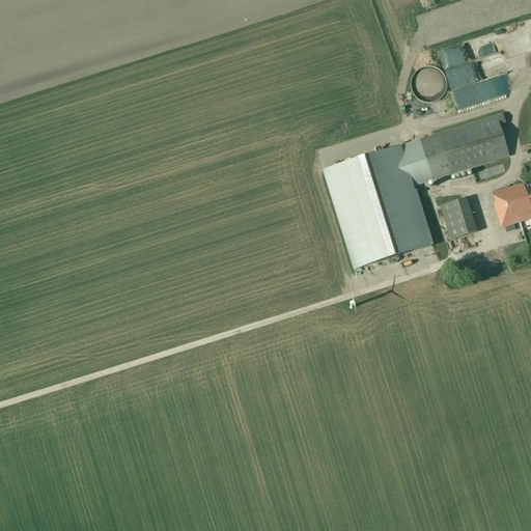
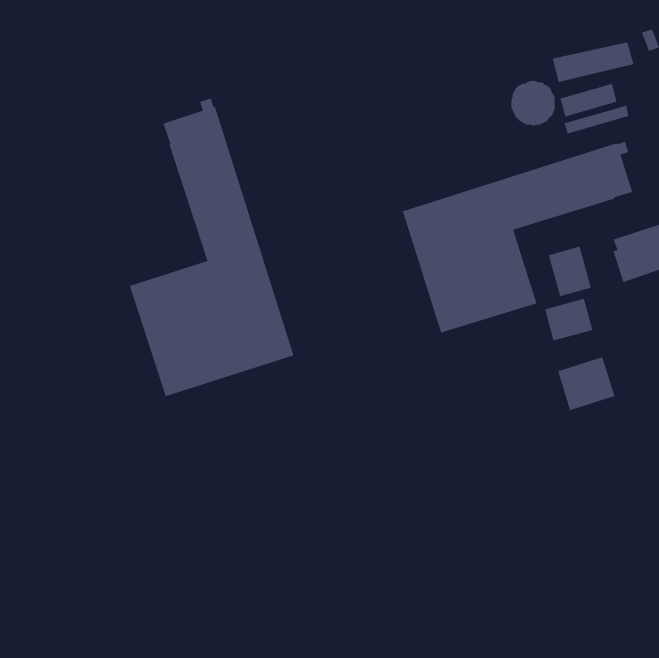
building: none -> [129,98,295,397]
building: none -> [544,298,594,341]
building: none -> [557,356,615,411]

